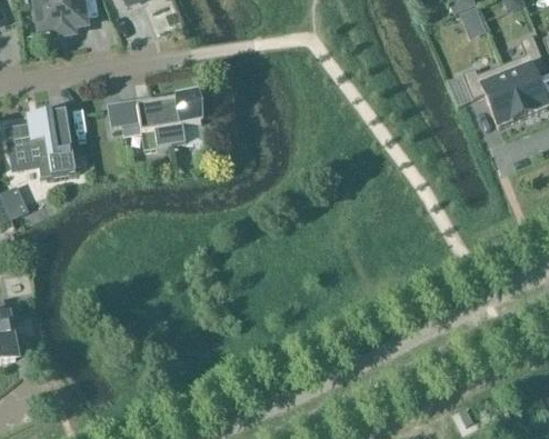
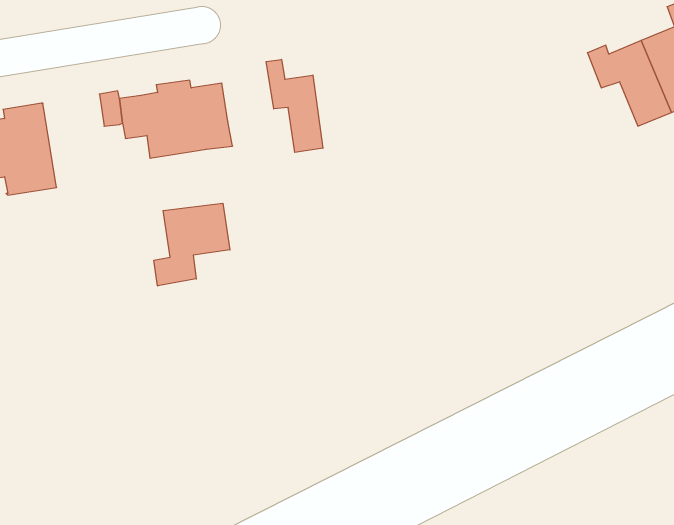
building: none -> [266,59,323,152]
building: none -> [154,203,230,286]

